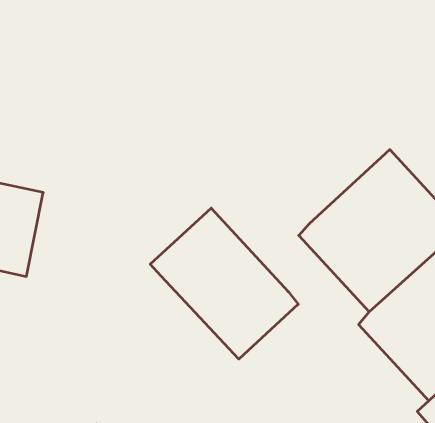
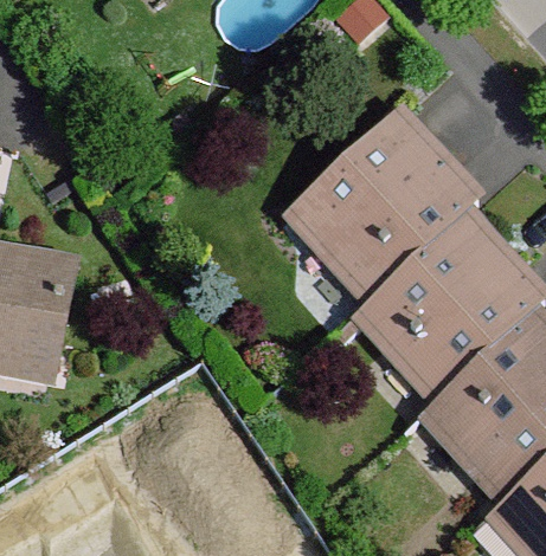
building: none -> [295,116,480,300]
building: [150,208,298,359] -> none

